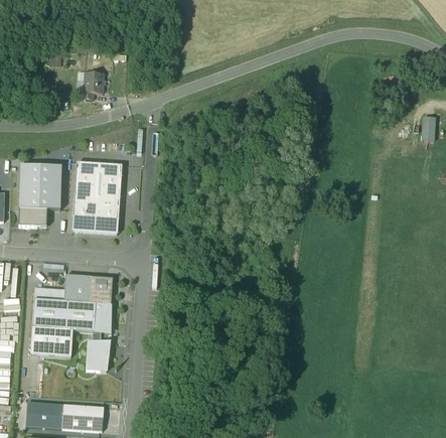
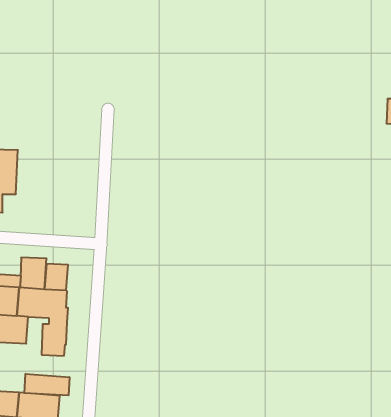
building: [77,71,103,99] -> none
building: [71,161,122,234] -> none
building: none -> [24,374,69,395]

